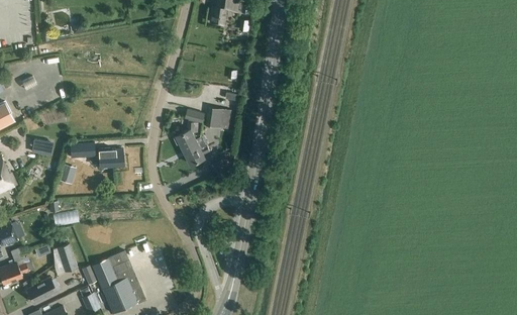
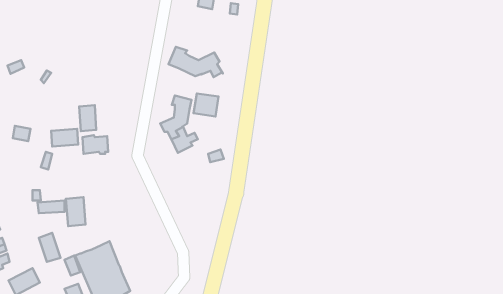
building: none -> [168,47,223,77]
building: none -> [79,105,96,131]
building: none -> [66,197,86,226]

